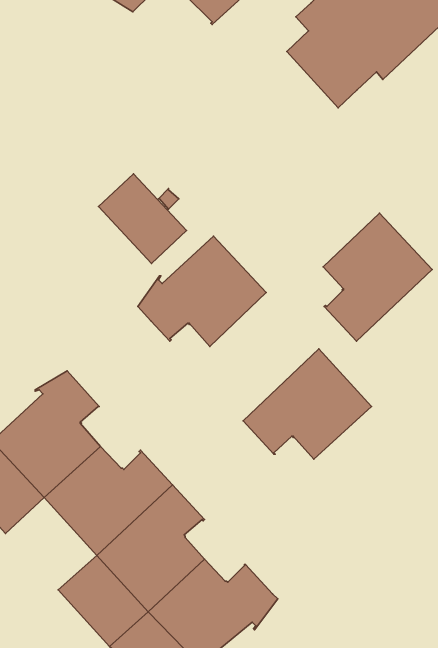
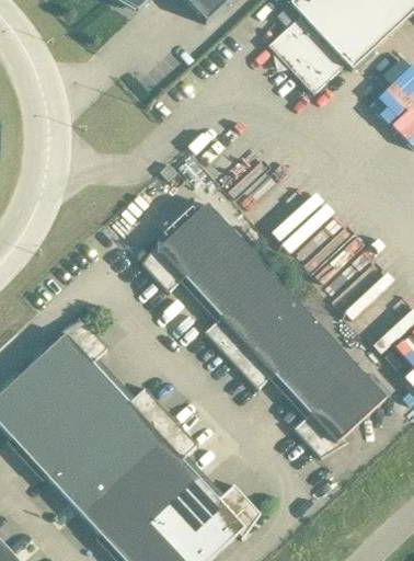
building: [98,174,186,263] -> none
building: [323,213,432,341] -> [203,251,296,360]
building: none -> [291,348,386,457]
building: none -> [28,426,106,505]

